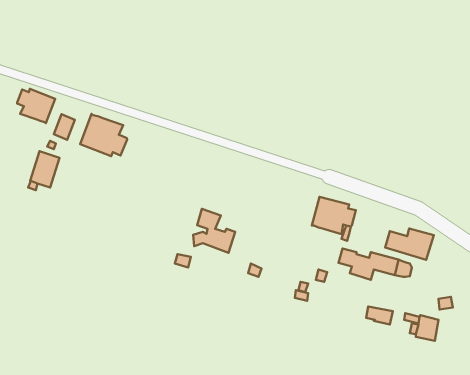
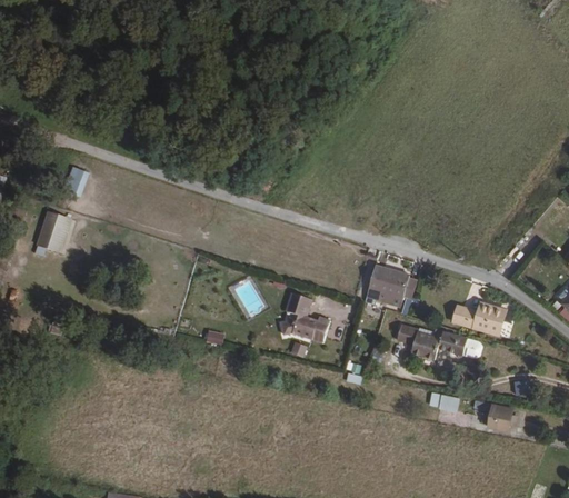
building: [17,89,55,123] -> none
building: [80,114,127,156] -> none
building: [193,209,235,253] -> [280,292,329,343]

